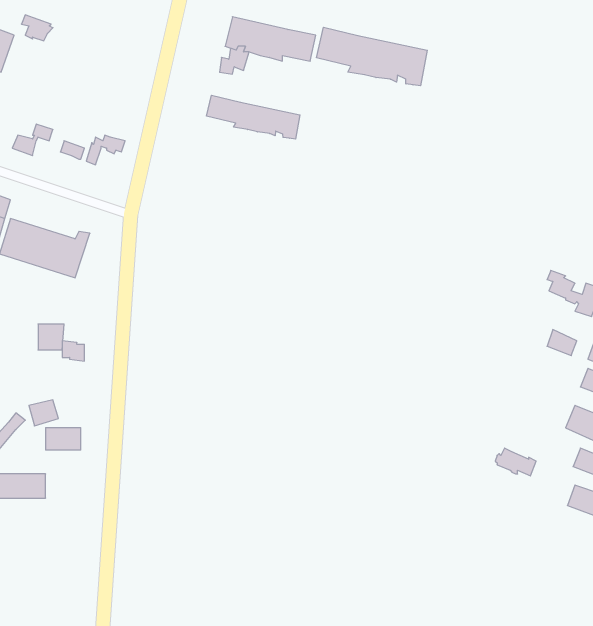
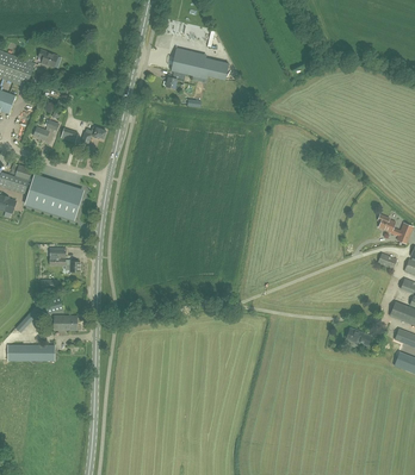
building: [317,27,427,86] -> none
building: [207,95,300,139] -> none

